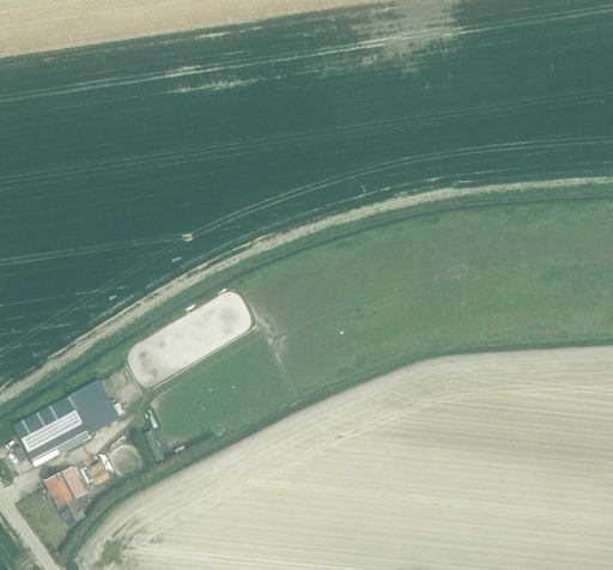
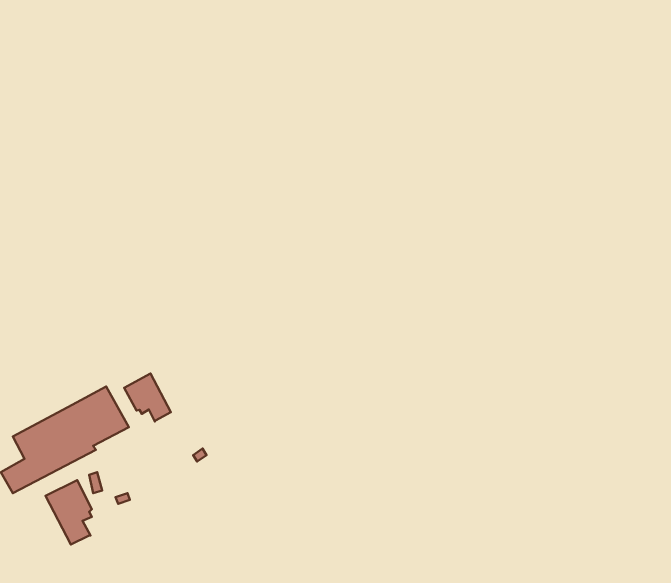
building: none -> [124,374,171,421]

